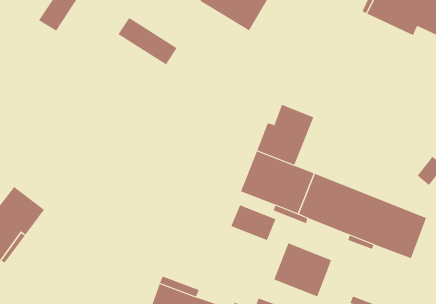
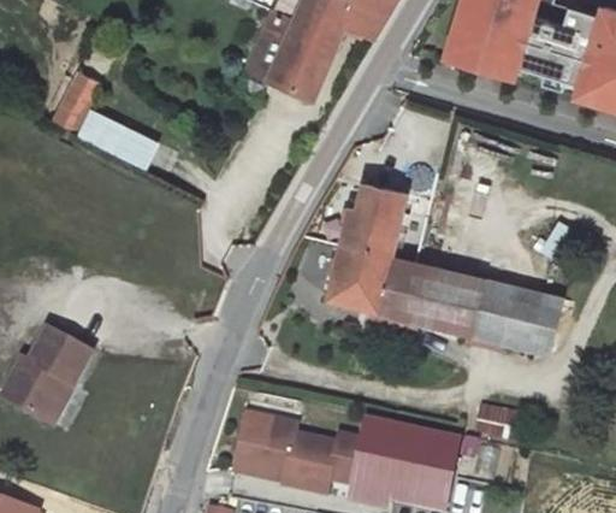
building: [118,17,177,65] -> [78,112,154,165]
building: [231,205,276,241] -> none
building: [274,243,332,297] -> none

